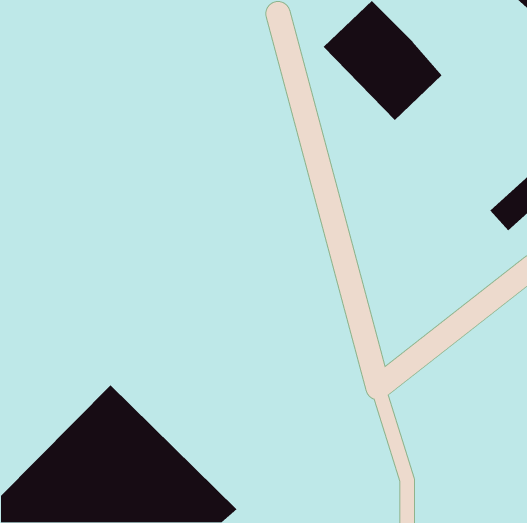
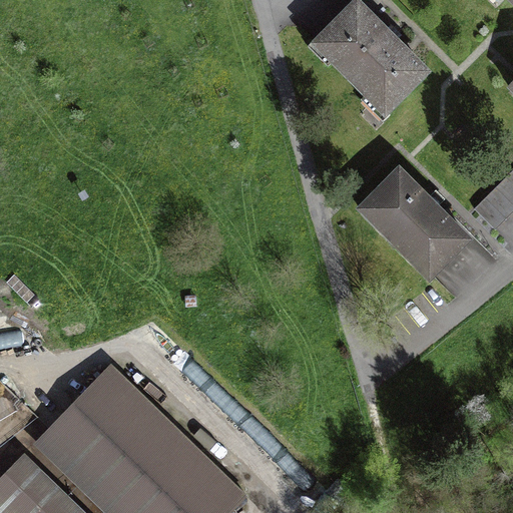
building: none -> [356,167,471,284]

